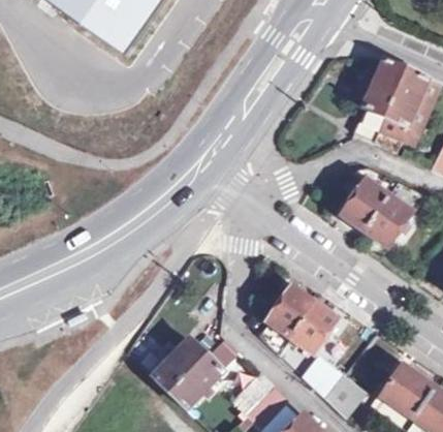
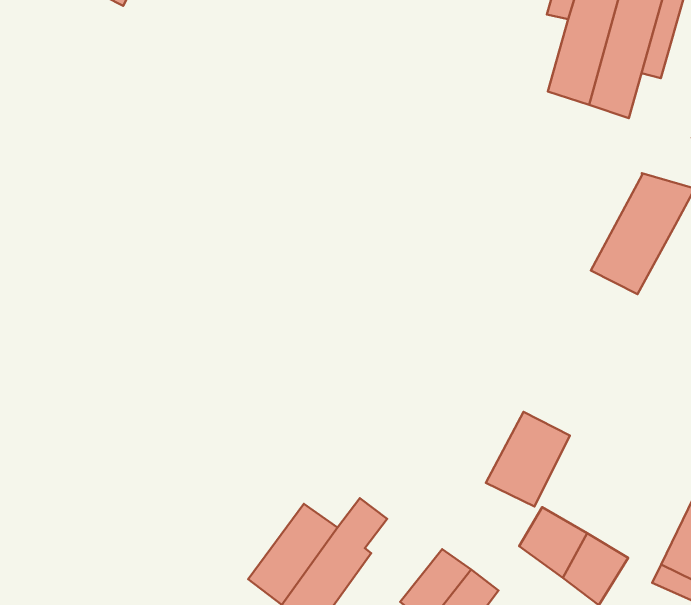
building: [340,167,399,230] -> none
building: [259,285,316,353] -> none

